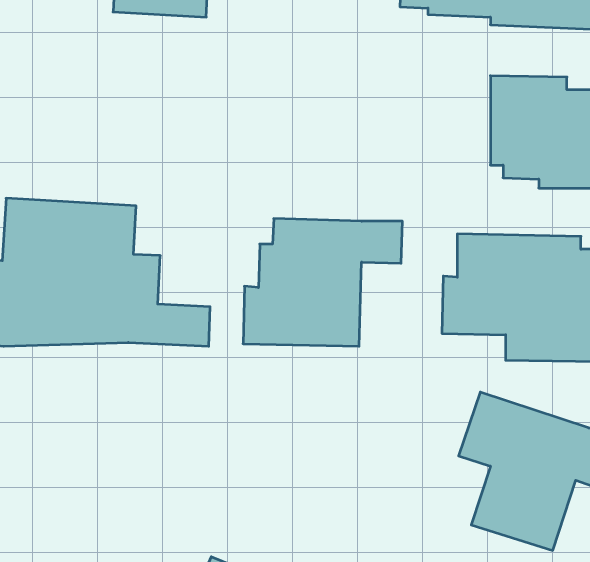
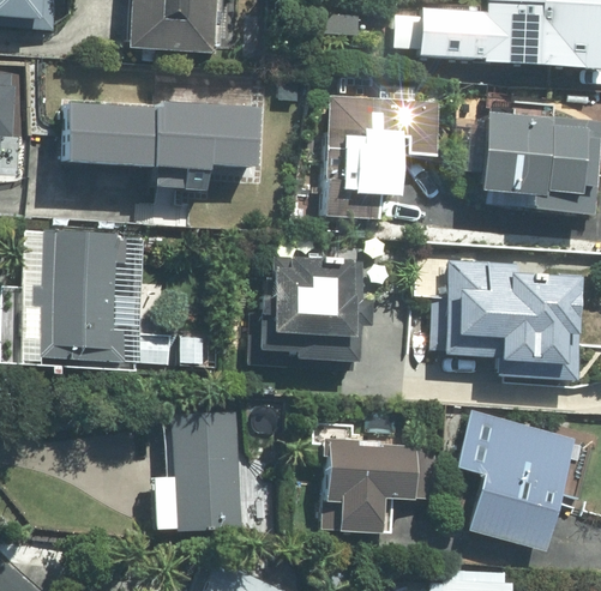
building: none -> [324,97,444,213]
building: none -> [61,99,260,187]
building: none -> [173,400,240,527]
building: none -> [317,415,415,535]

